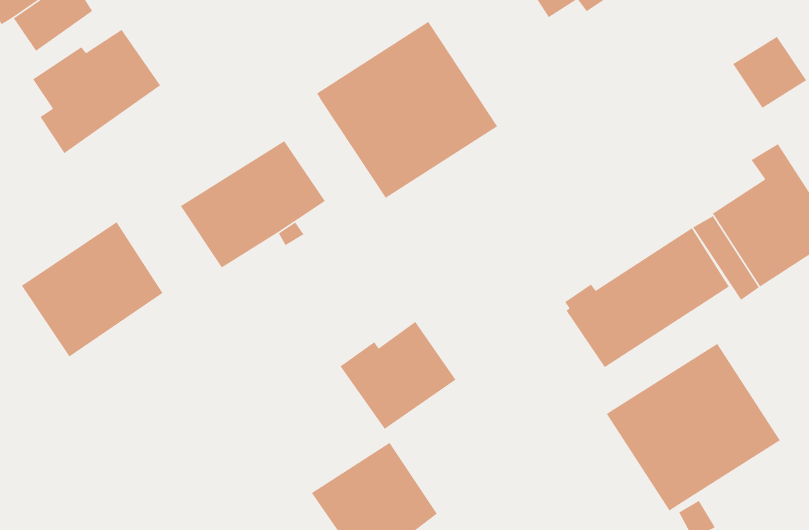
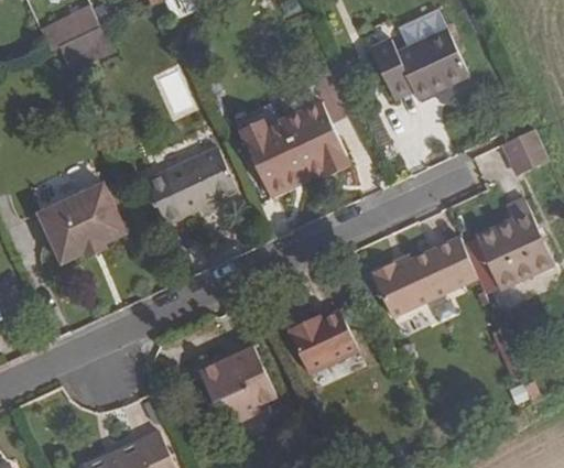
building: [32,29,161,154] -> none
building: [339,321,456,430] -> [286,308,358,373]
building: [606,343,781,511] -> none

